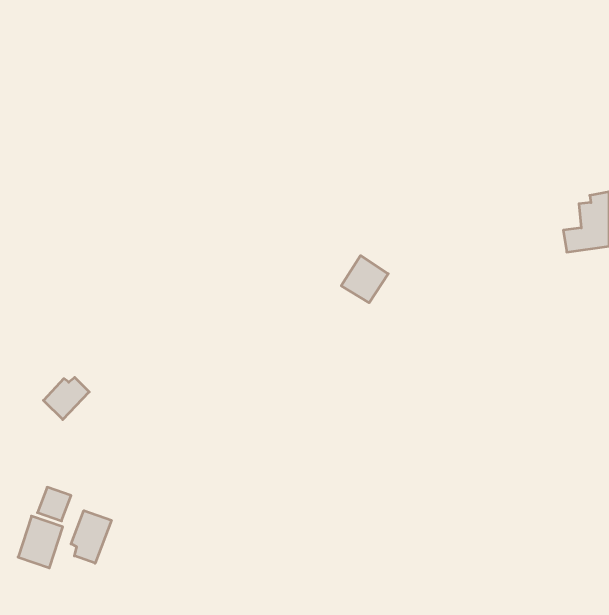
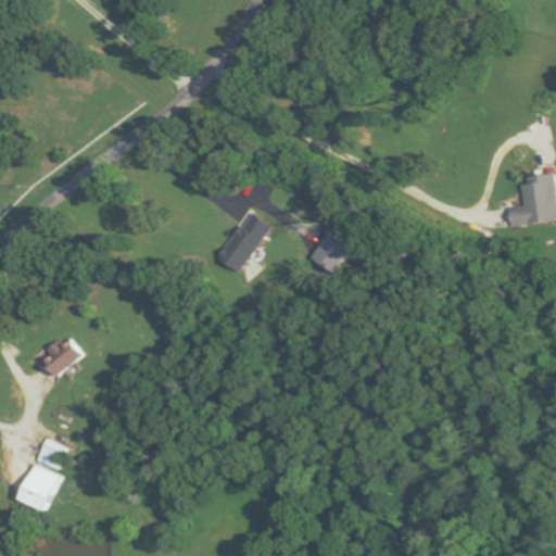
building: none -> [218,211,269,273]
building: [71,511,111,563] -> none

